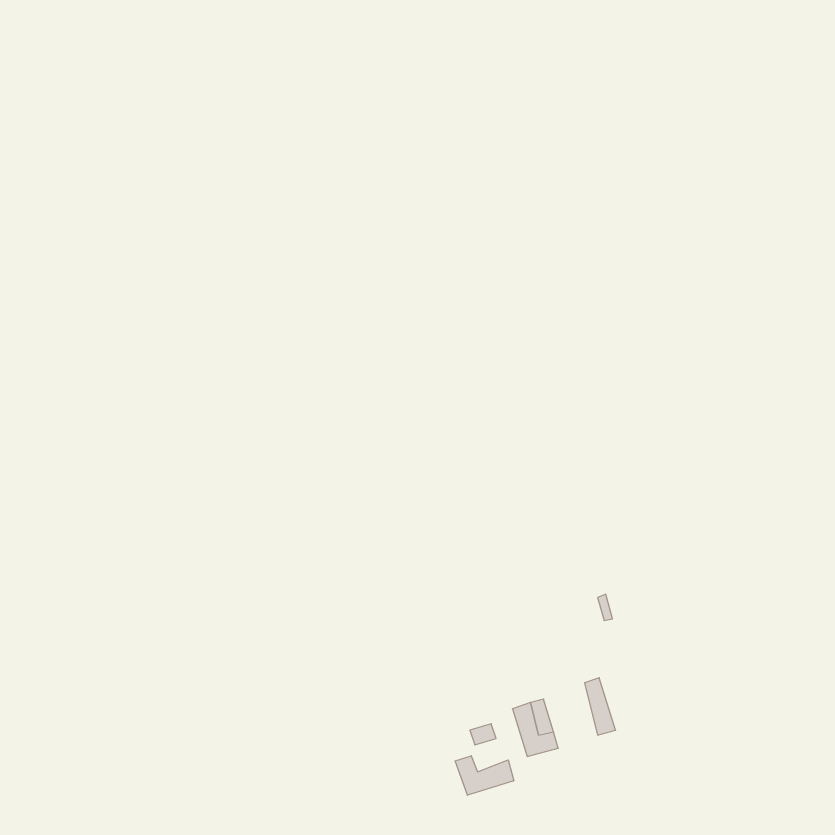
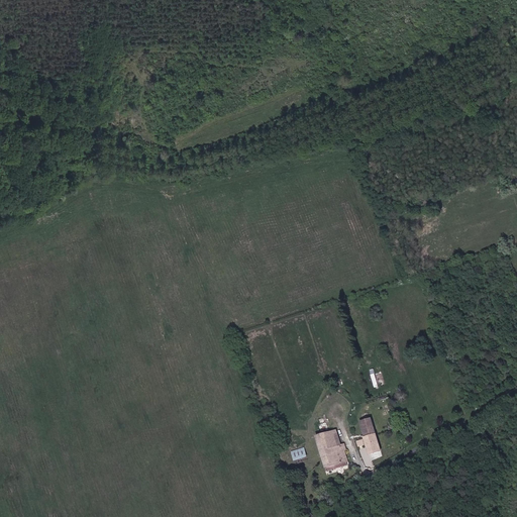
building: [455,756,514,795] -> none

